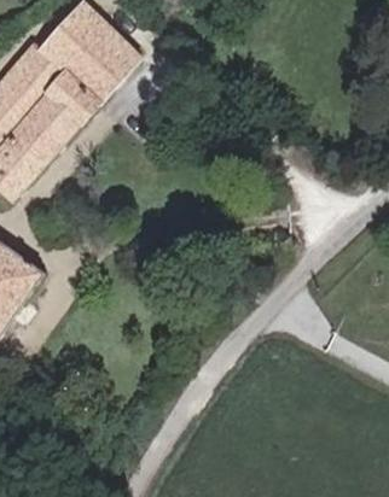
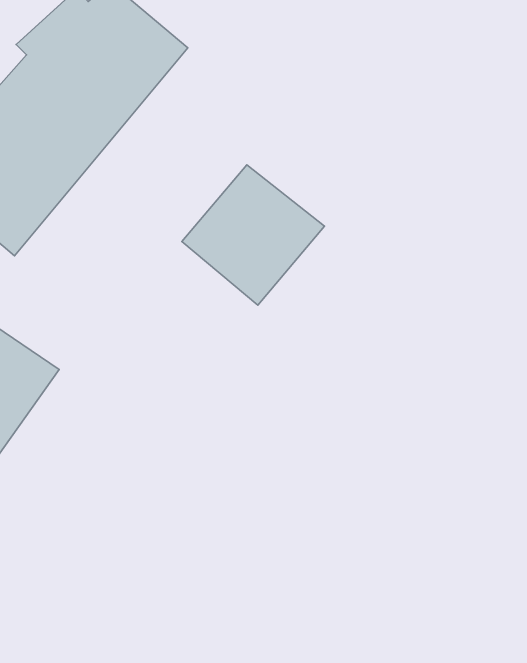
building: none -> [182,165,325,305]

